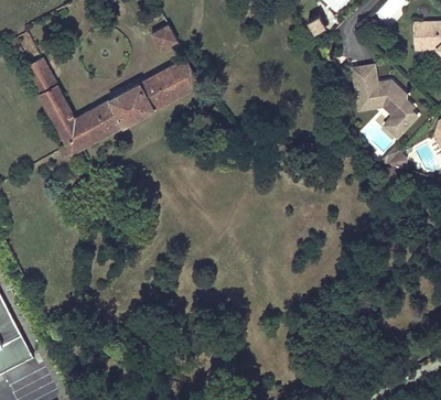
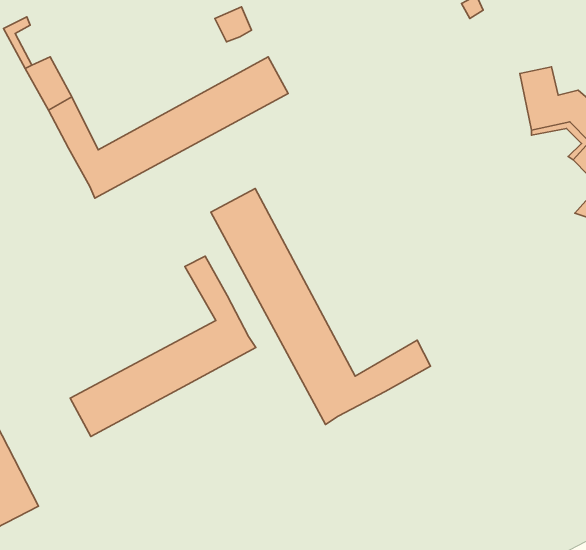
building: none -> [211,189,430,424]
building: none -> [70,256,256,437]

